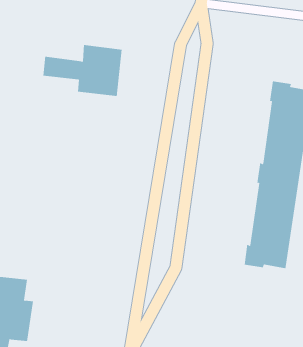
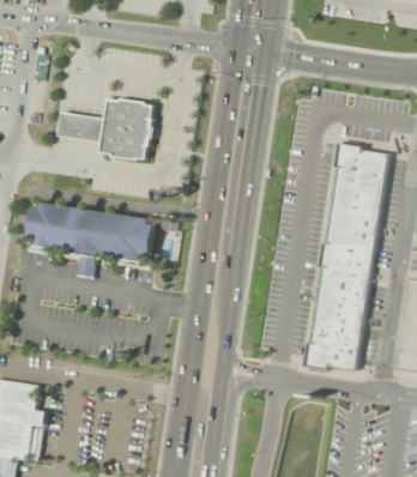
building: none -> [29,201,156,276]

